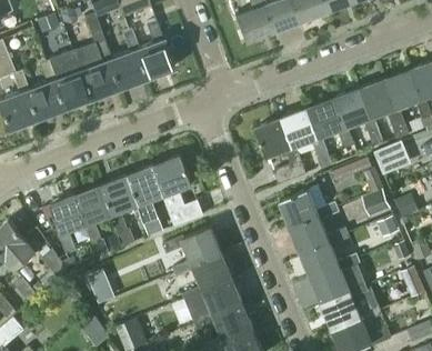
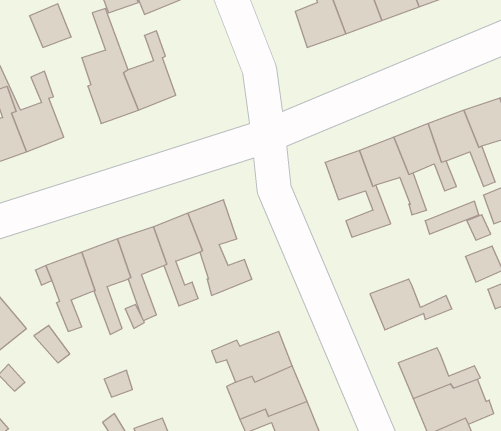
building: [135,22,174,79] -> none
building: [47,49,90,110] -> none
building: [280,187,340,227] -> none
building: [162,228,222,265] -> none
building: [301,241,361,278] -> none

